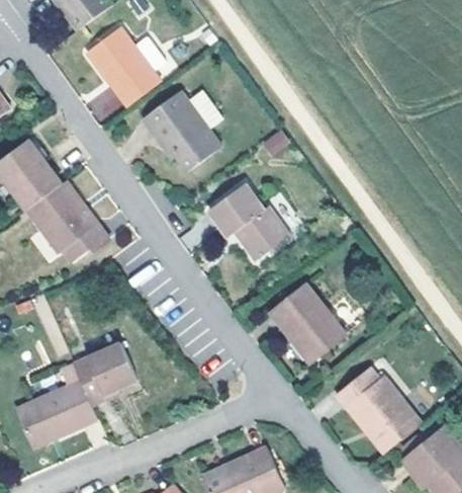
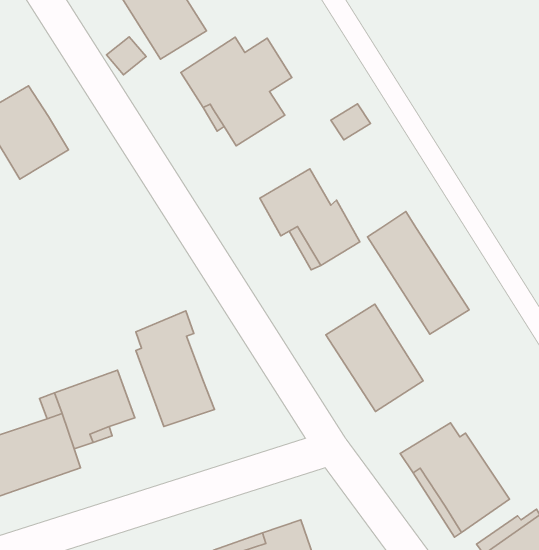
building: [27,178,109,258] -> none
building: none -> [367,212,469,334]
building: none -> [136,311,215,427]

